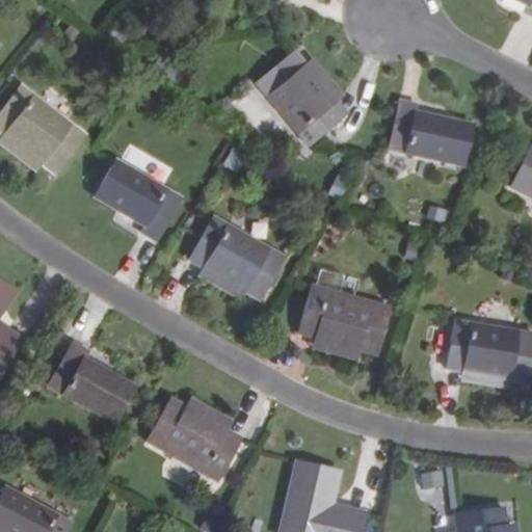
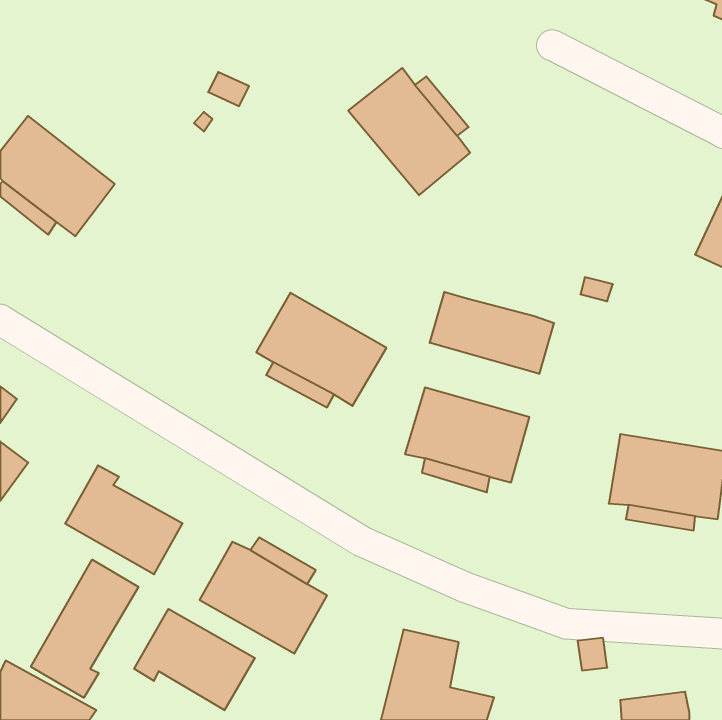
building: [390,99,473,165] -> none
building: [95,159,182,240] -> none
building: none -> [430,292,554,374]
building: none -> [31,560,138,698]
building: none -> [134,609,255,710]

